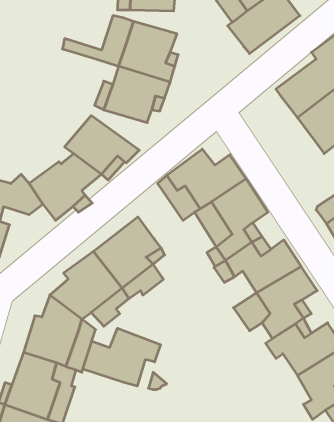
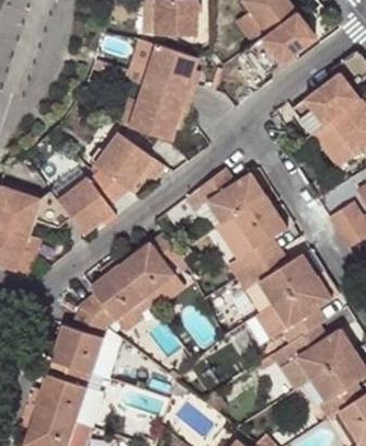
building: [83,328,161,386] -> none

